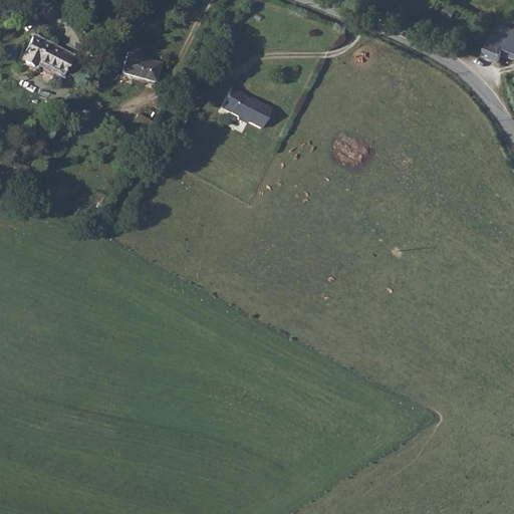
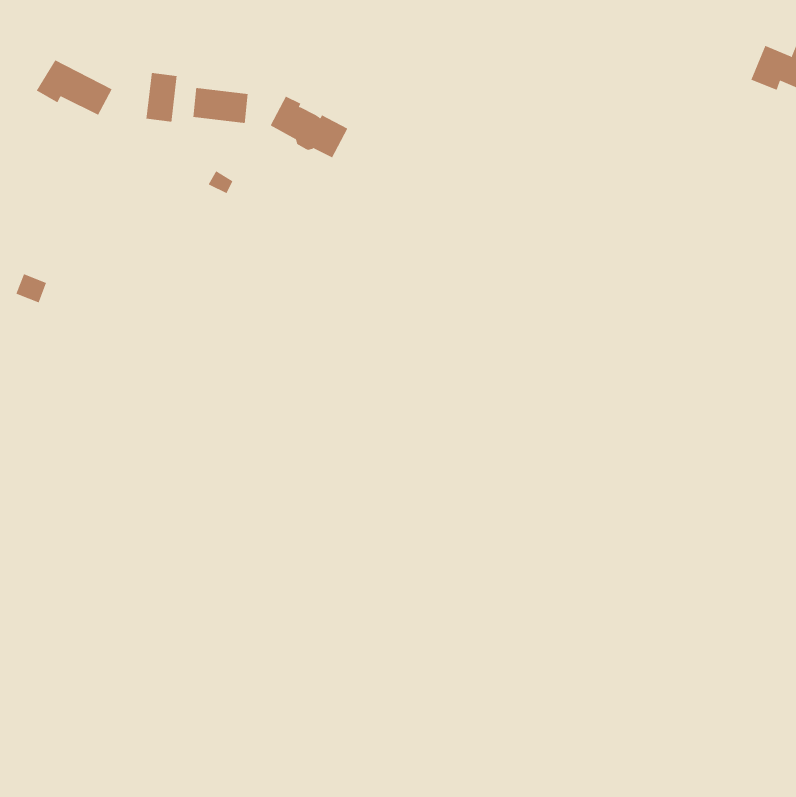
building: none -> [146,72,177,123]
building: [222,87,272,127] -> [270,96,348,158]

